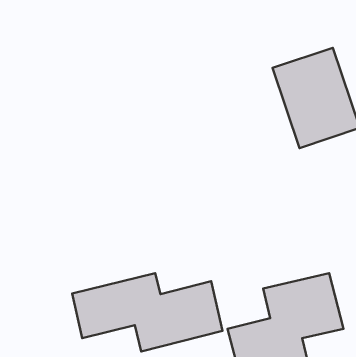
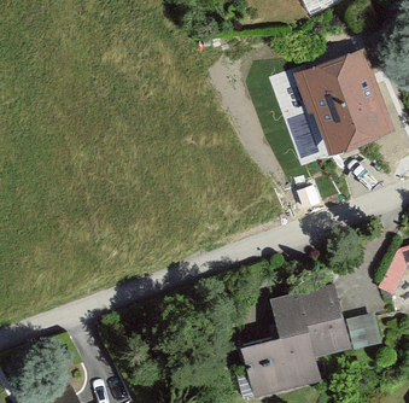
building: [72,273,223,351] -> none

